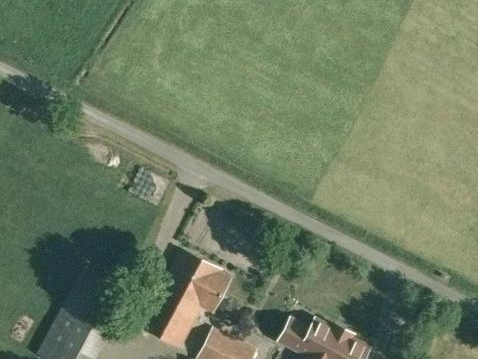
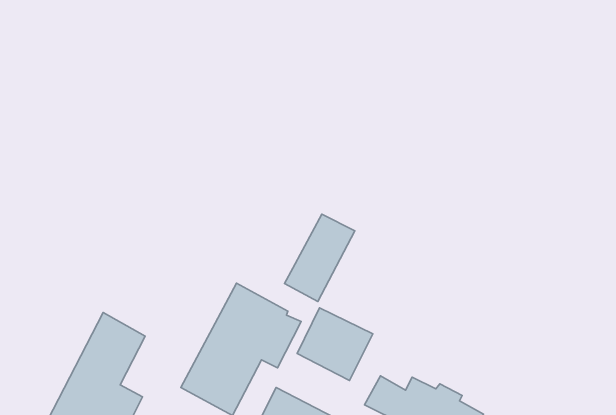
building: none -> [285,214,355,301]
building: none -> [297,308,373,380]

